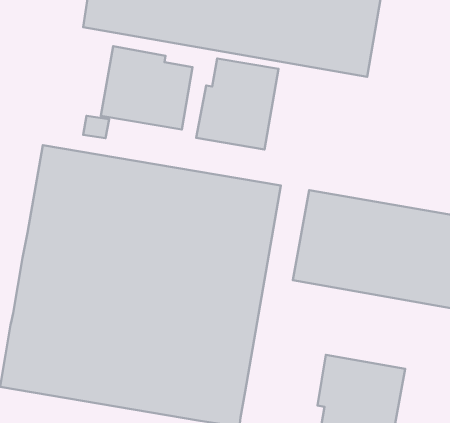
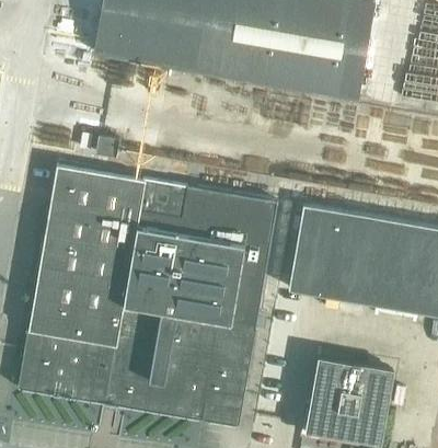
building: [101,46,192,130] -> none
building: [196,58,278,150] -> none

